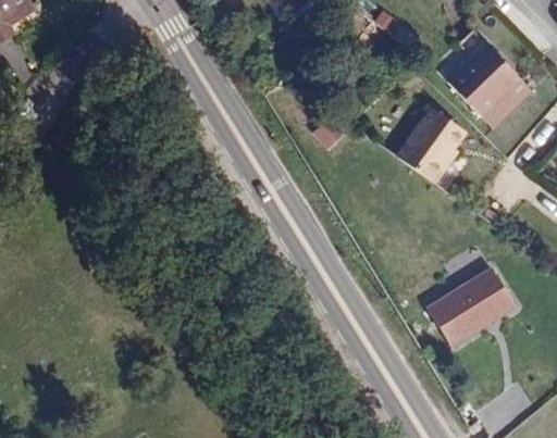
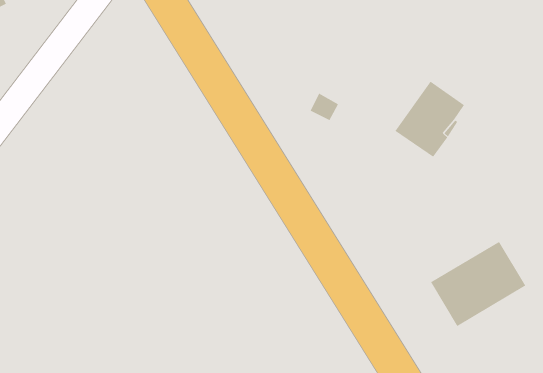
building: [453,38,524,111] -> none

